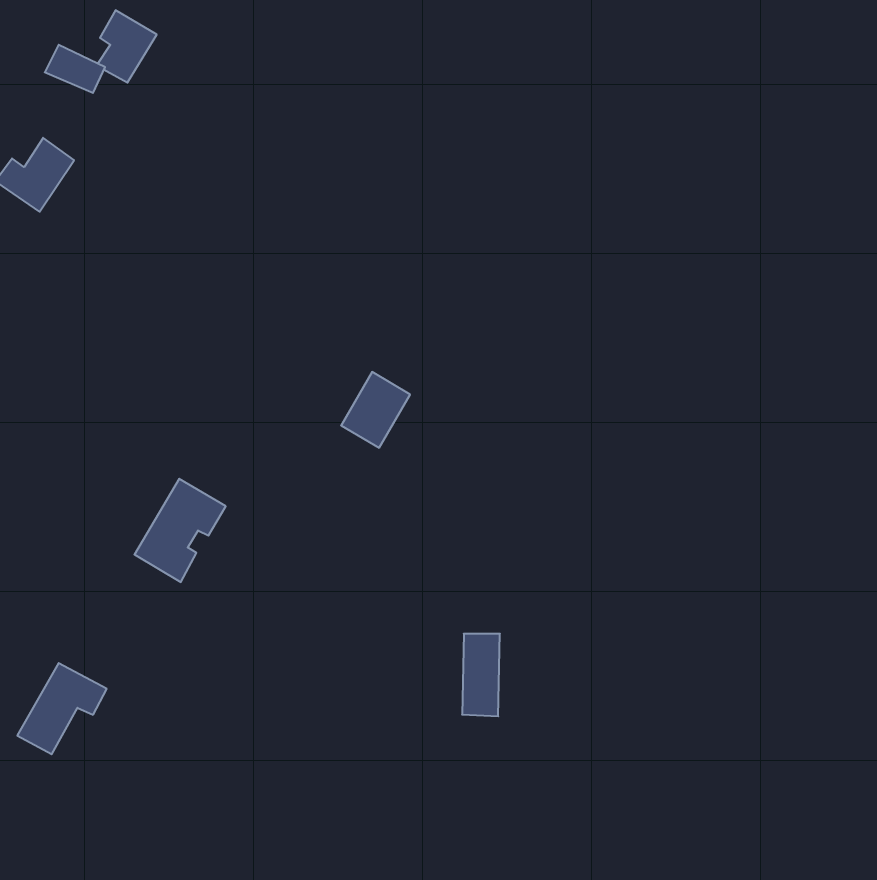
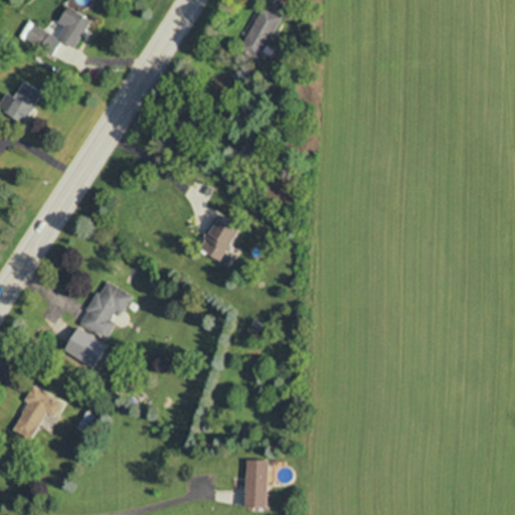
building: none -> [236,6,283,61]
building: none -> [64,328,107,367]
building: [462,634,500,716] -> [245,460,268,508]

